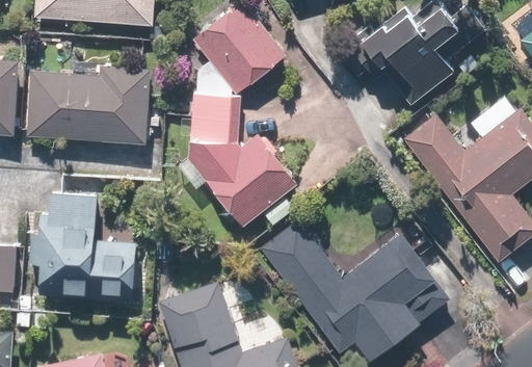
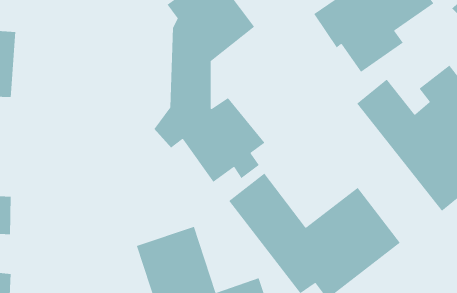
building: [28,63,154,141] -> none
building: [29,193,139,302] -> none

